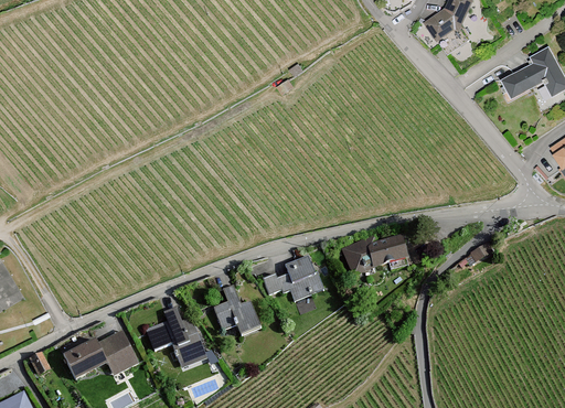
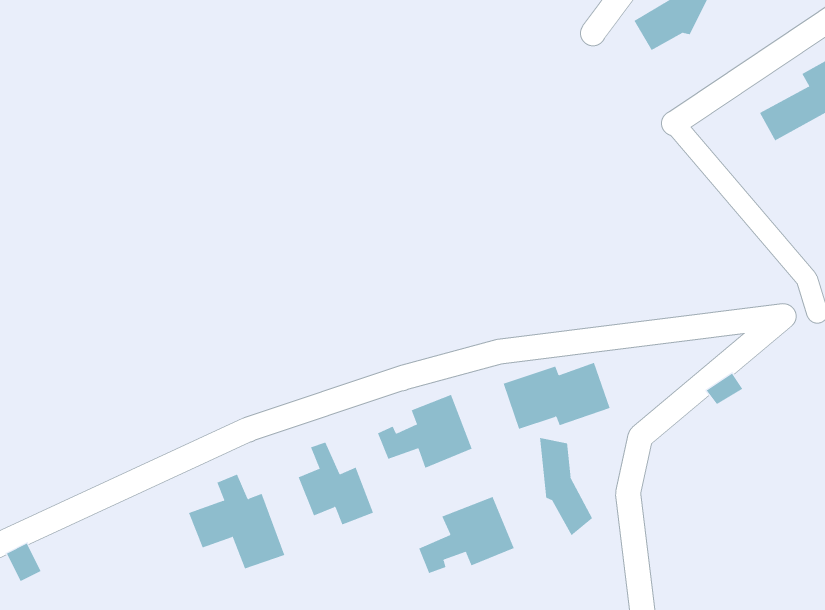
building: none -> [540,437,593,536]
building: none -> [419,496,514,574]
building: [61,330,139,379] -> none

